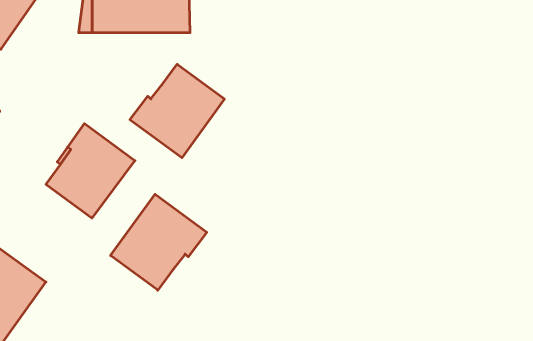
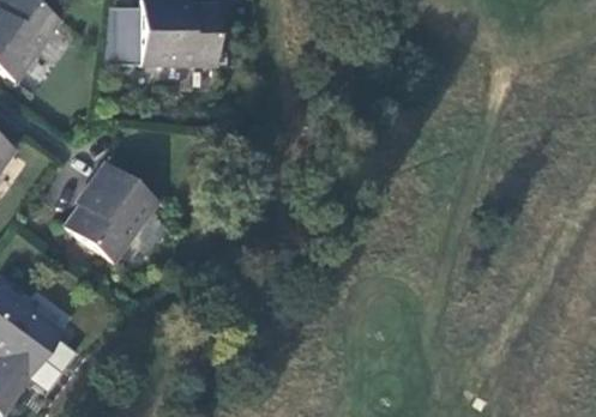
building: [130,64,224,158] -> none
building: [111,194,207,290] -> none

